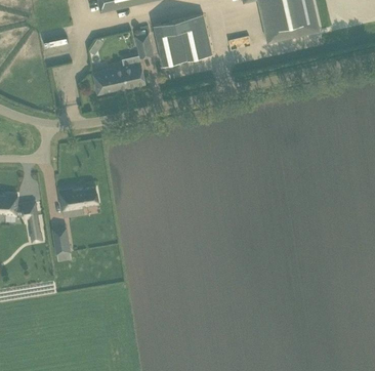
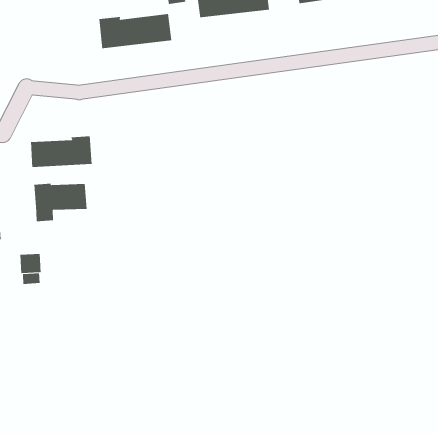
building: none -> [31,135,92,168]

